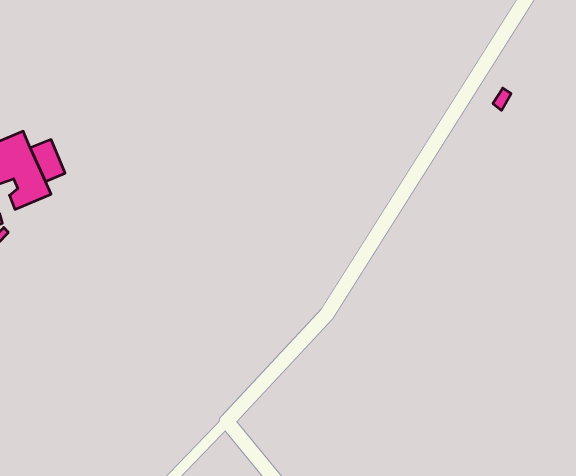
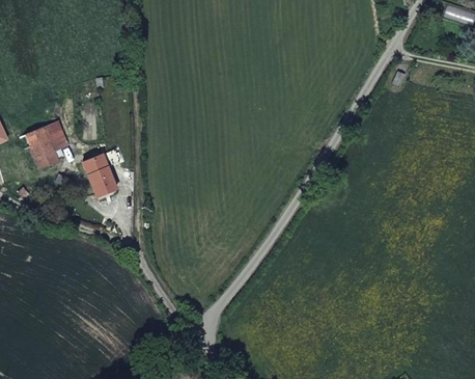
building: none -> [83,155,116,196]

